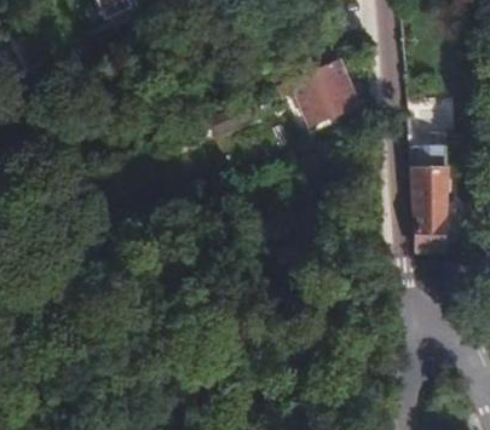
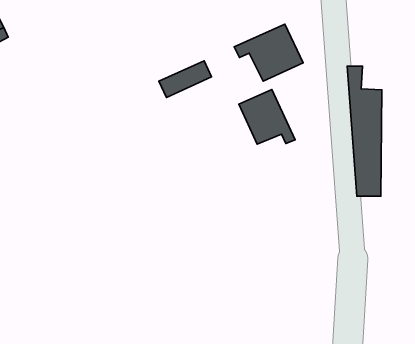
building: none -> [239,90,295,144]

